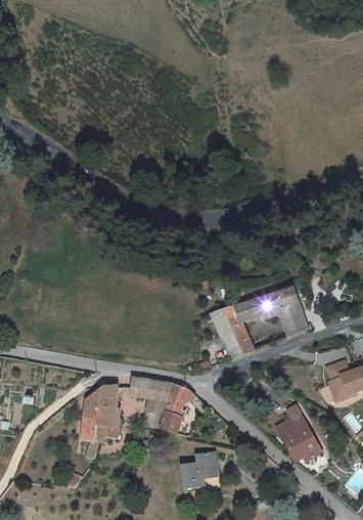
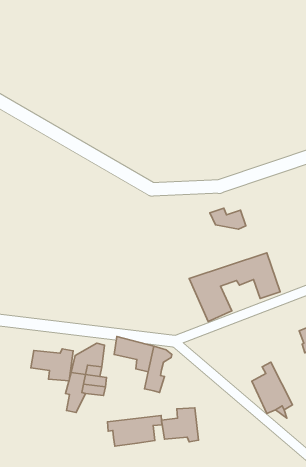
building: none -> [210,208,246,229]
building: none -> [31,349,73,381]
building: none -> [107,416,162,446]

